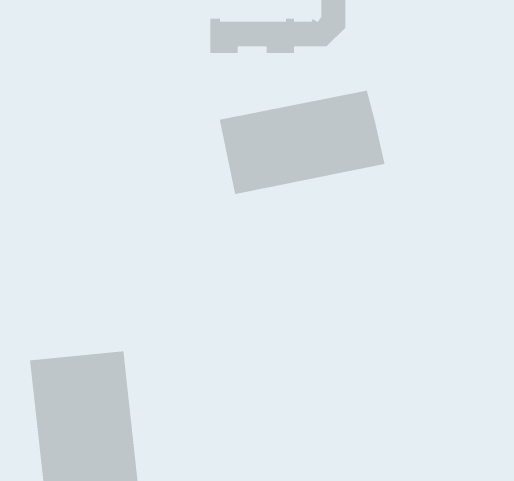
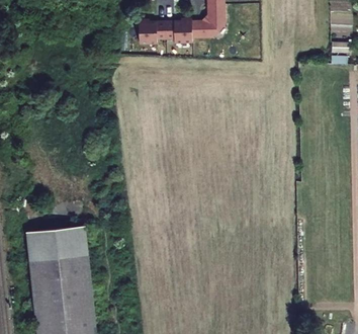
building: [219,90,385,195] -> none

